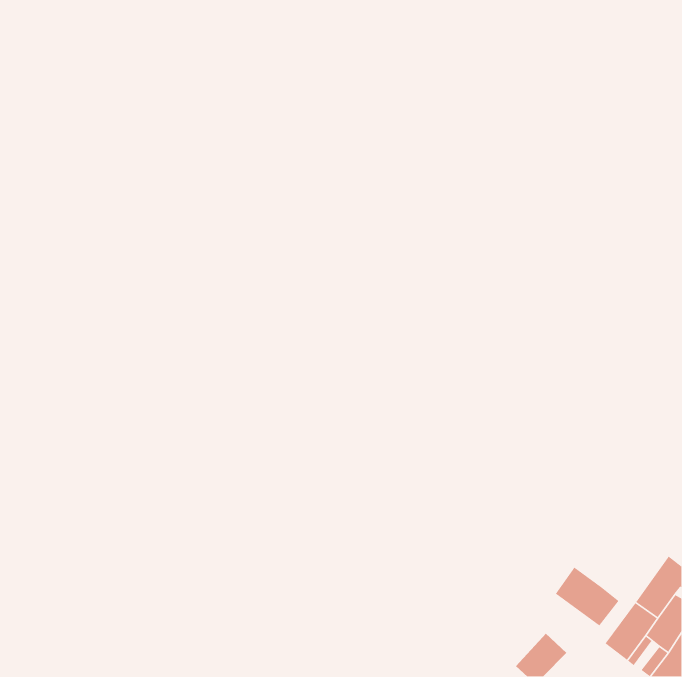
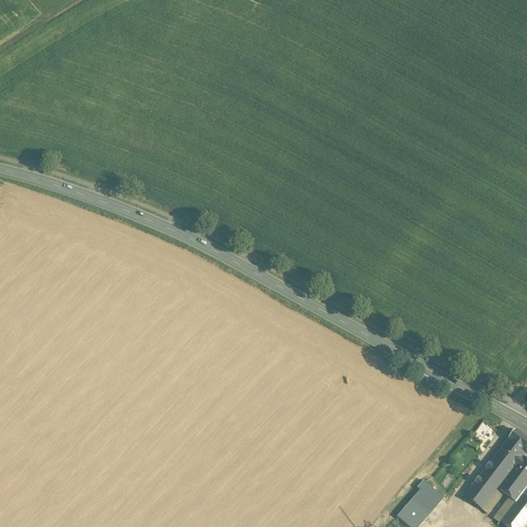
building: [555,567,619,627] -> none

